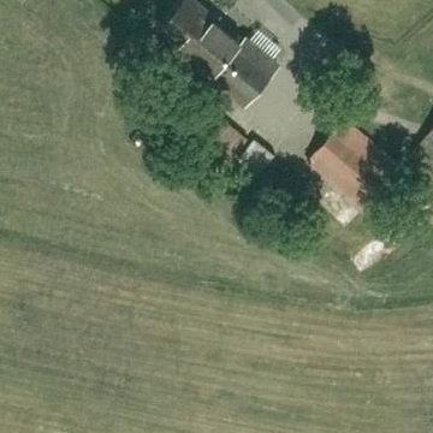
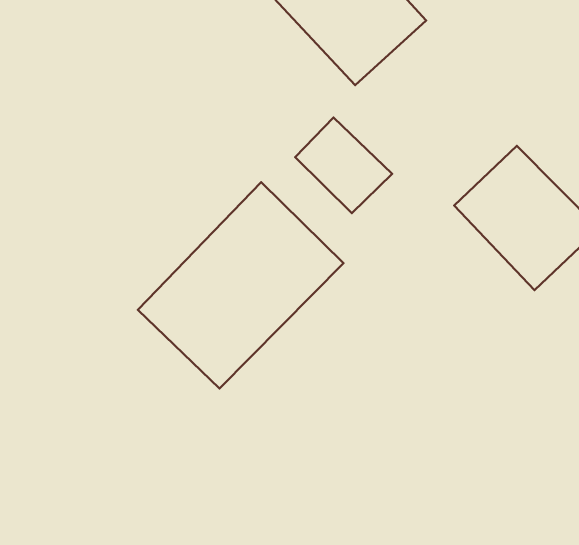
building: none -> [138,182,344,389]

